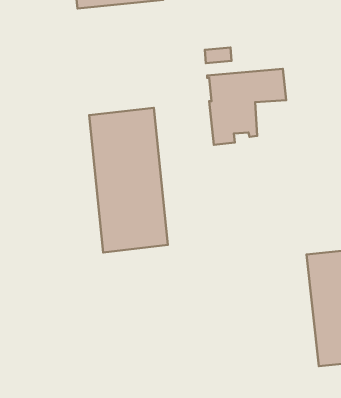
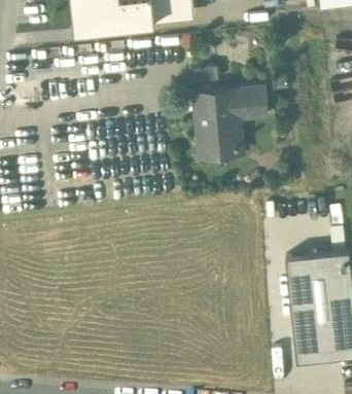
building: [89,108,168,252] -> none

